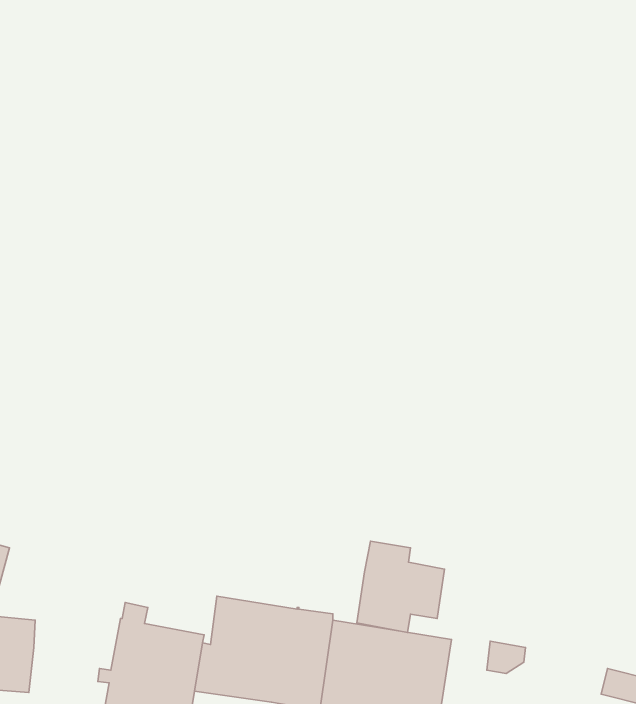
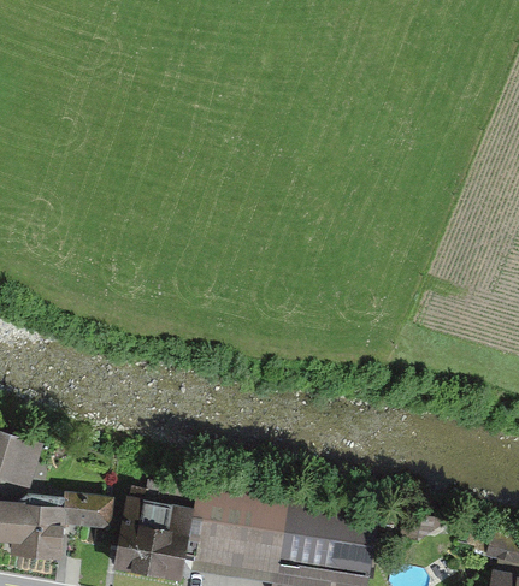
building: [357,541,445,632] -> none
building: none -> [60,497,110,528]

